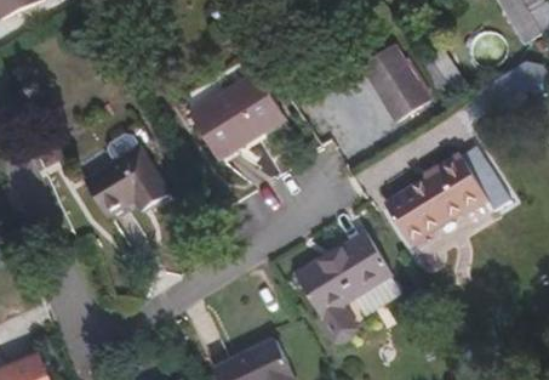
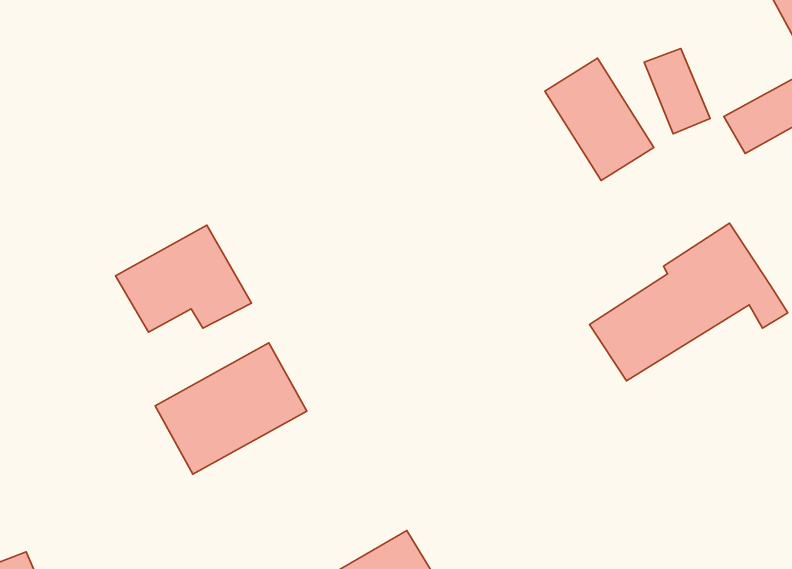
building: [184,70,278,155] -> none
building: none -> [155,343,307,474]
building: [296,236,391,321] -> none

